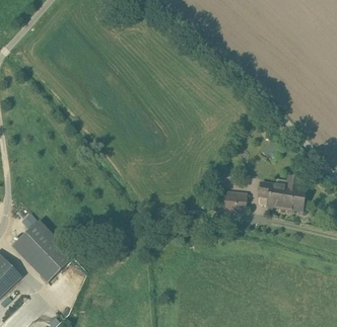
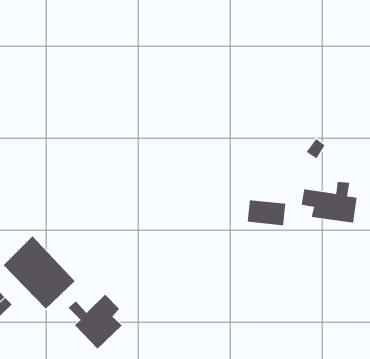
building: none -> [67,294,123,350]

